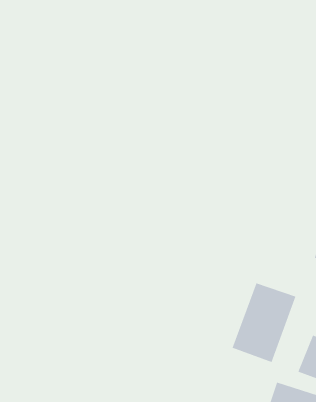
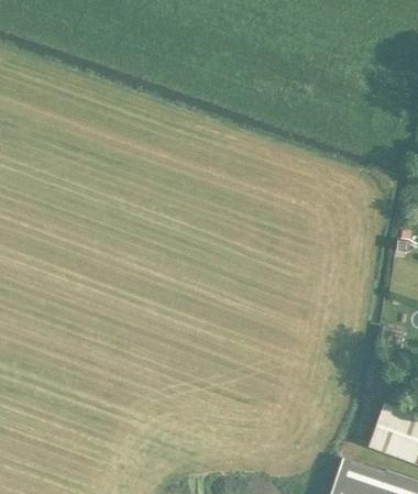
building: [232,283,296,363] -> none

